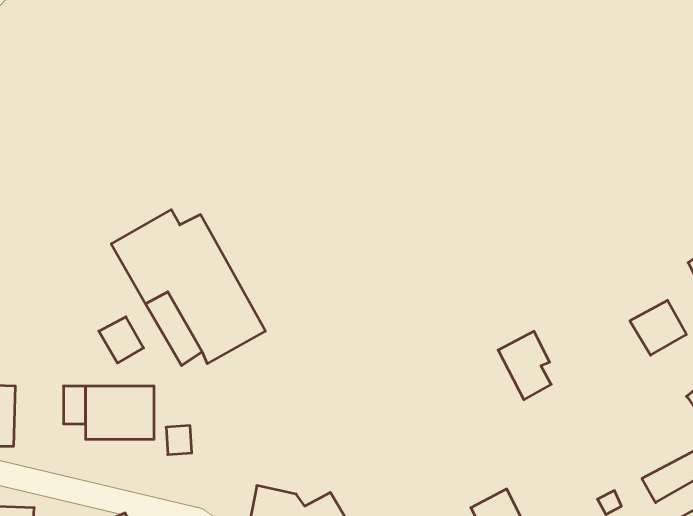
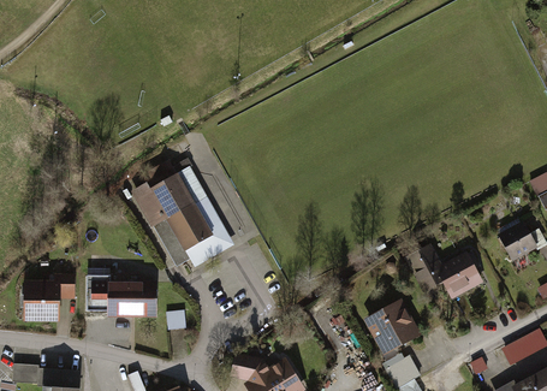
building: [99,317,144,363] -> none
building: none -> [434,251,483,300]
building: none -> [364,298,421,355]

